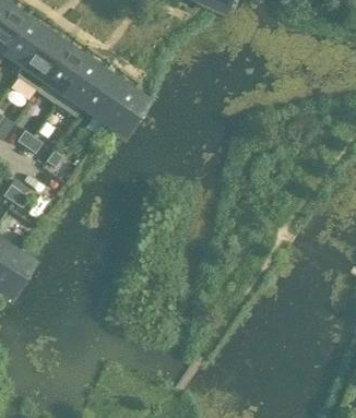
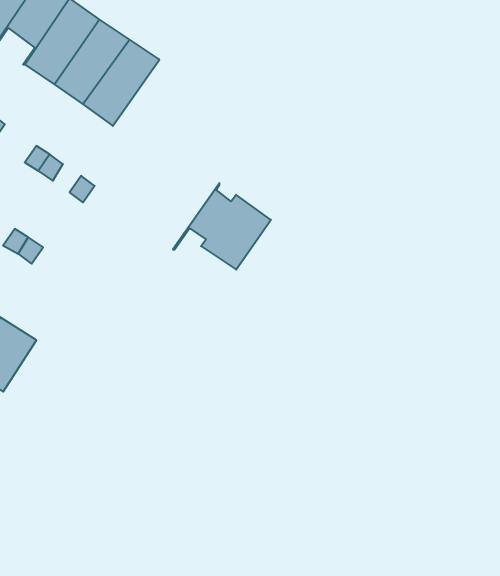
building: [75,74,140,131] -> [173,183,271,270]

